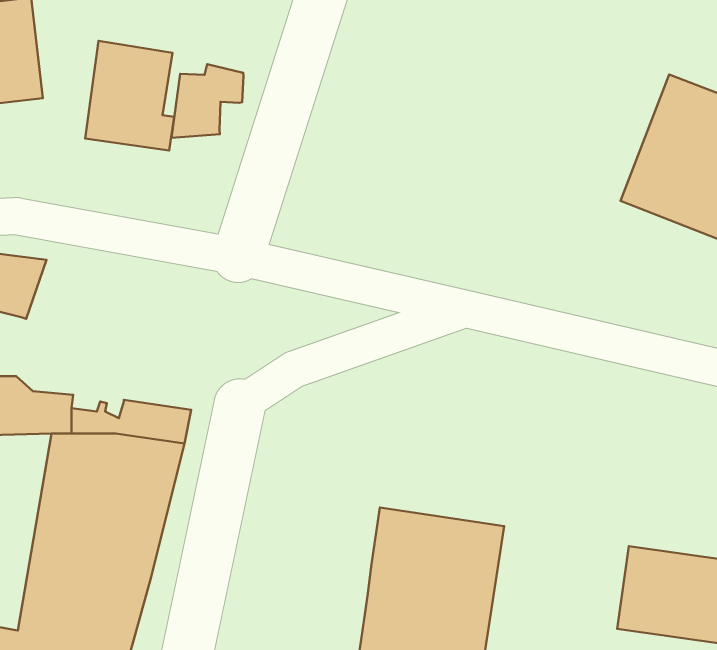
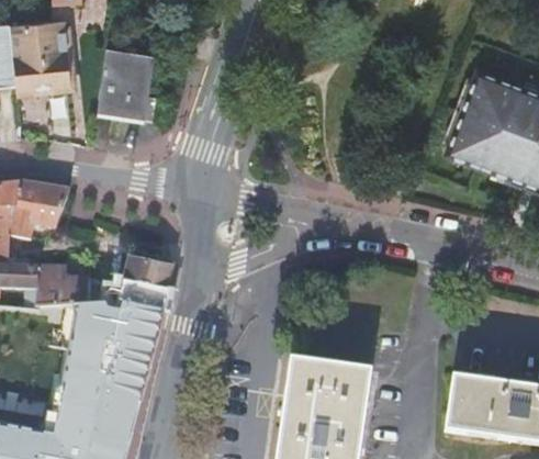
building: [171,64,244,138] -> none
building: none -> [119,256,173,289]

